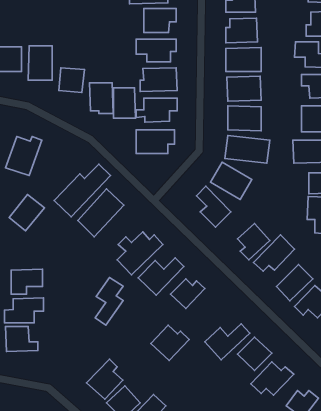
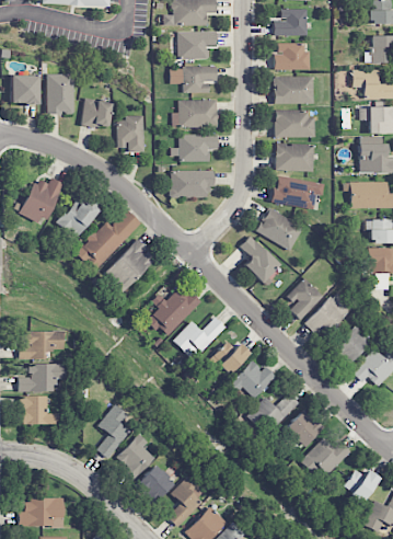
building: [113,88,136,118] -> none
building: [9,195,45,231] -> [56,196,96,238]
building: [95,278,123,325] -> [96,404,128,459]
building: [151,325,189,361] -> [232,359,276,400]

